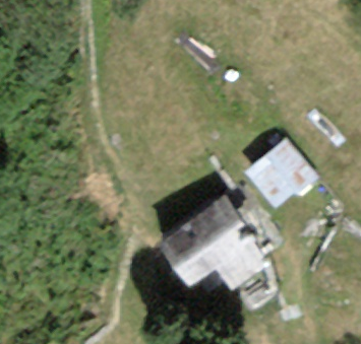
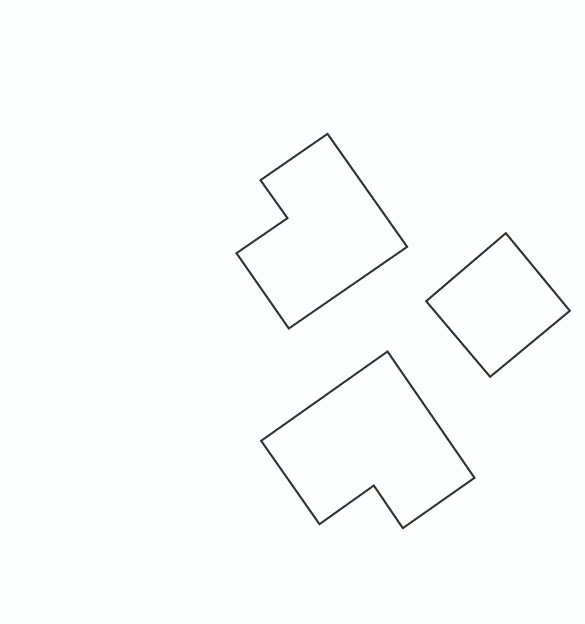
building: none -> [236,134,407,328]

